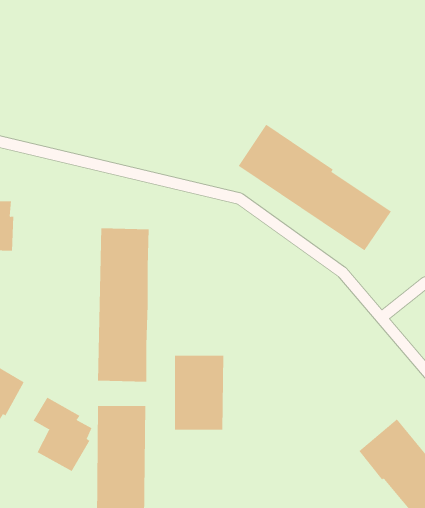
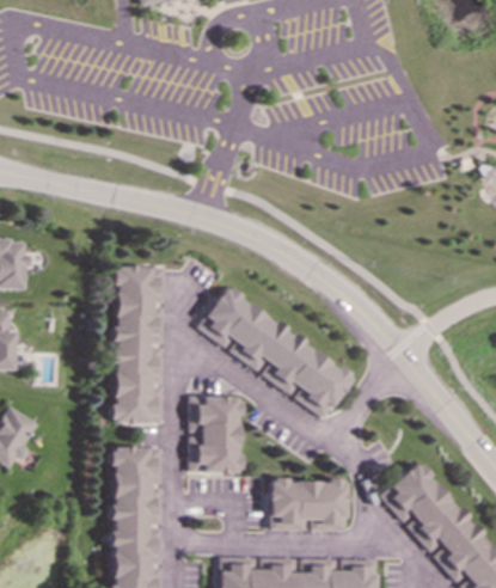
building: [238,124,392,251] -> [197,286,355,416]
building: [33,397,92,472] -> none
building: none -> [270,479,347,531]

